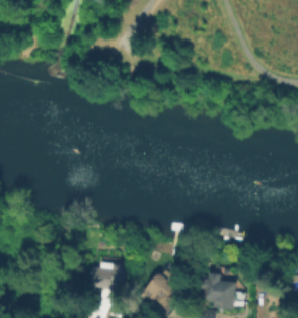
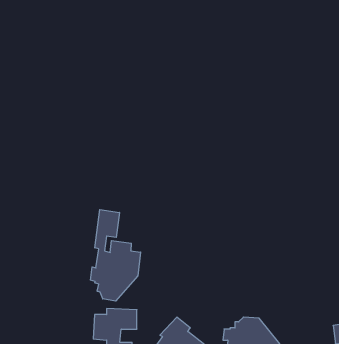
building: none -> [90,210,141,301]

